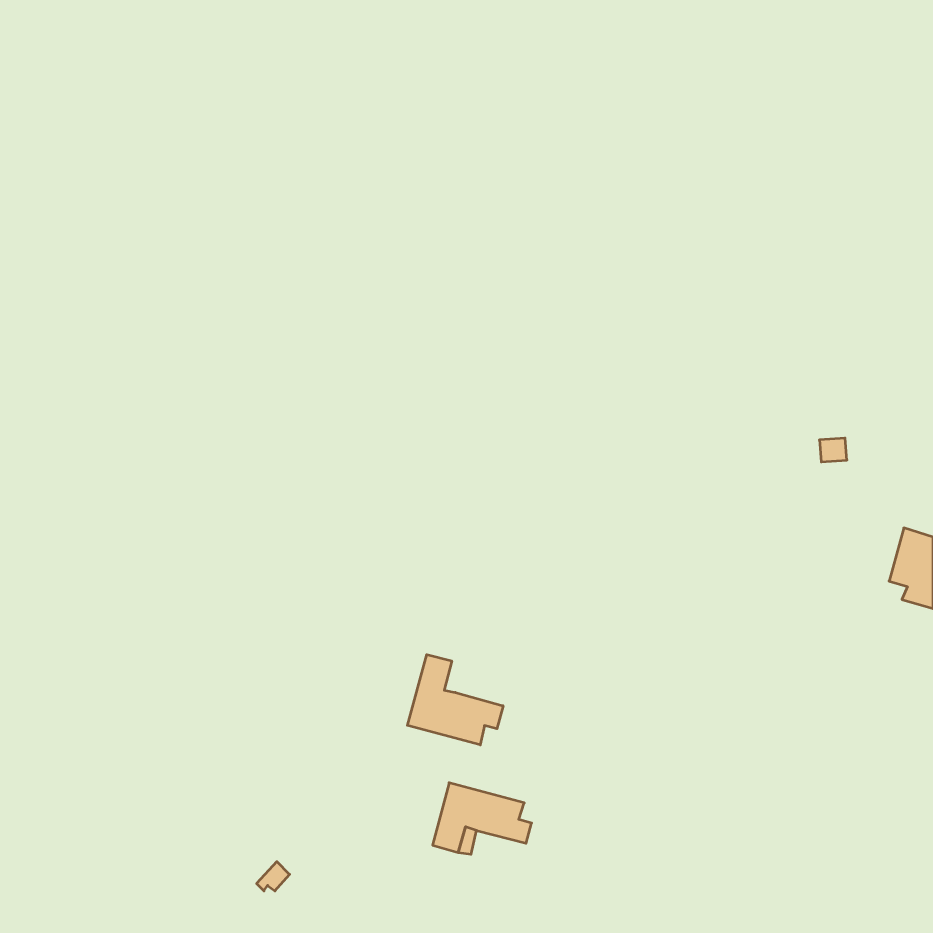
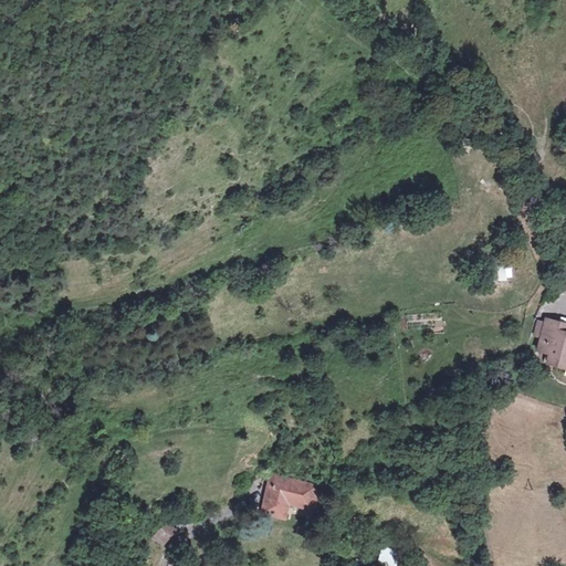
building: [407,655,503,745] -> none

